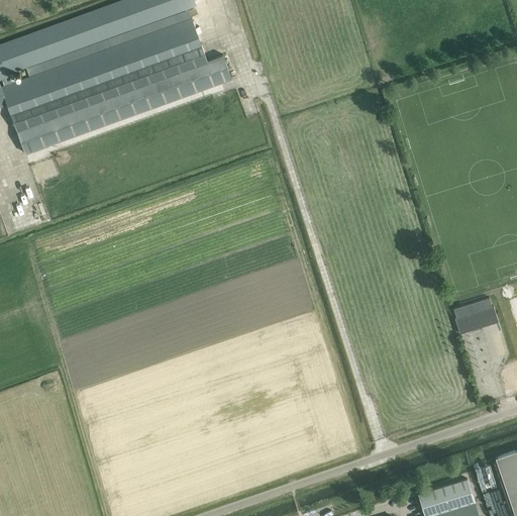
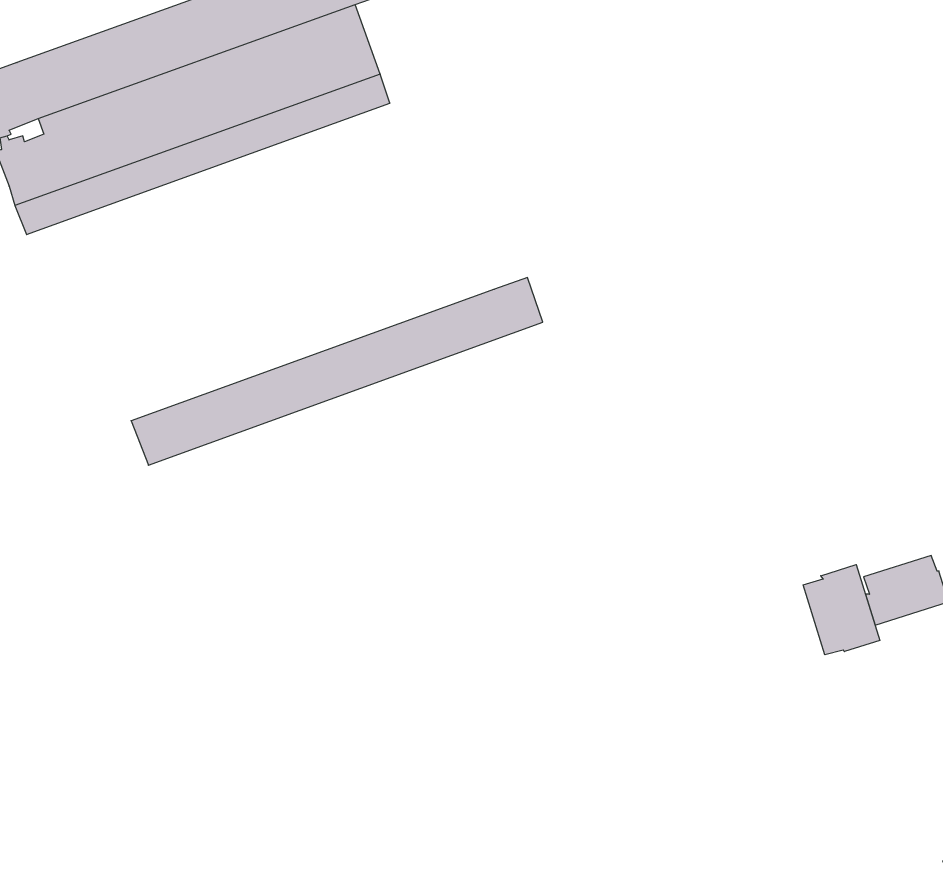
building: [16,56,231,153] -> [131,278,543,465]
building: none -> [803,565,880,655]

